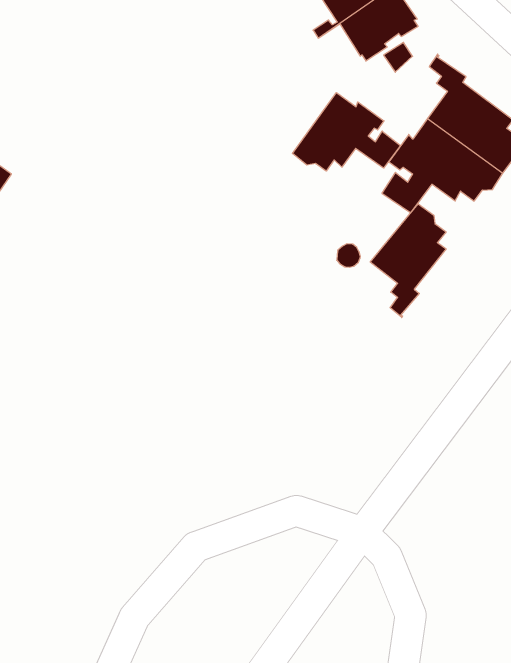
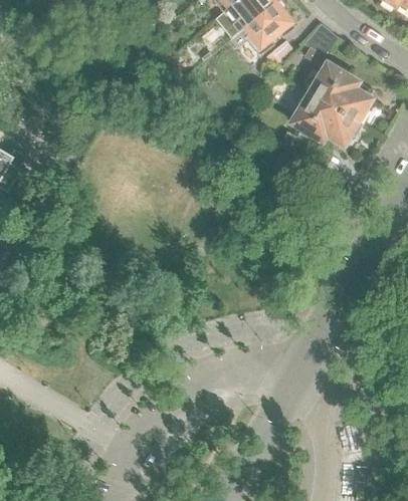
building: [292,93,401,171] -> none
building: [370,204,446,318] -> none

